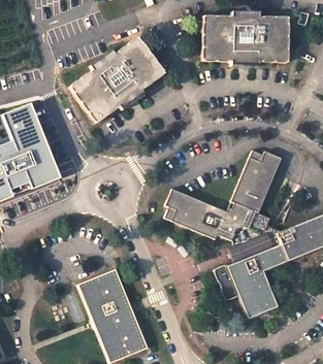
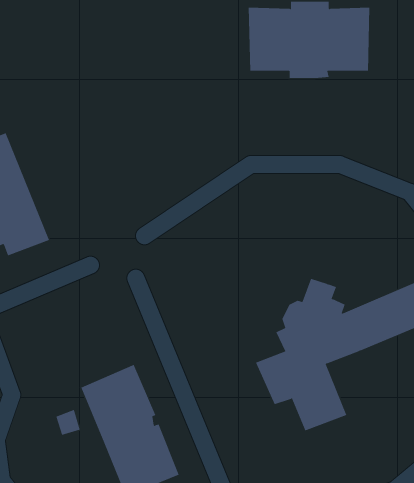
building: [71,38,165,125] -> none
building: [166,148,281,236] -> none

